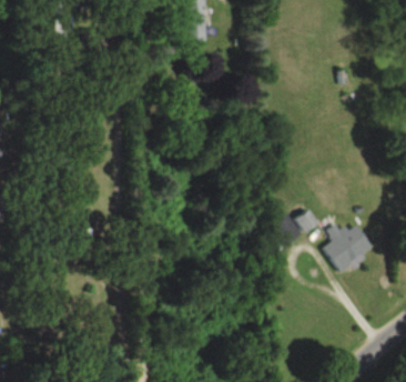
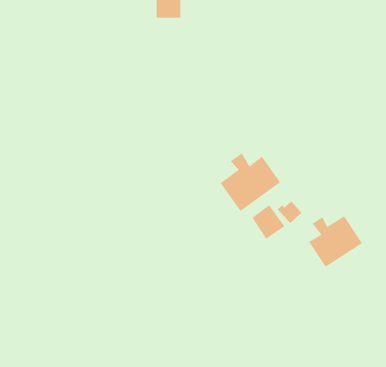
building: none -> [220,153,281,212]

